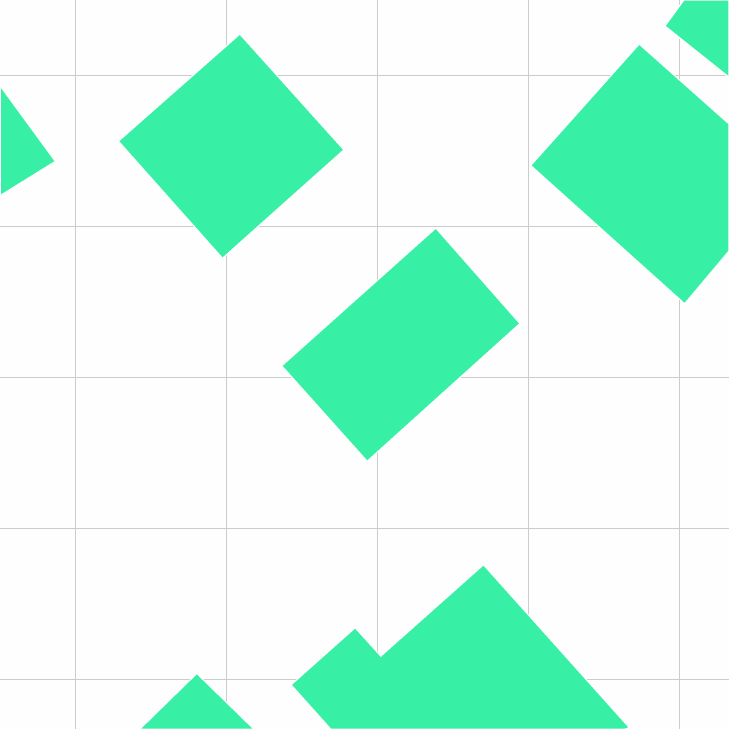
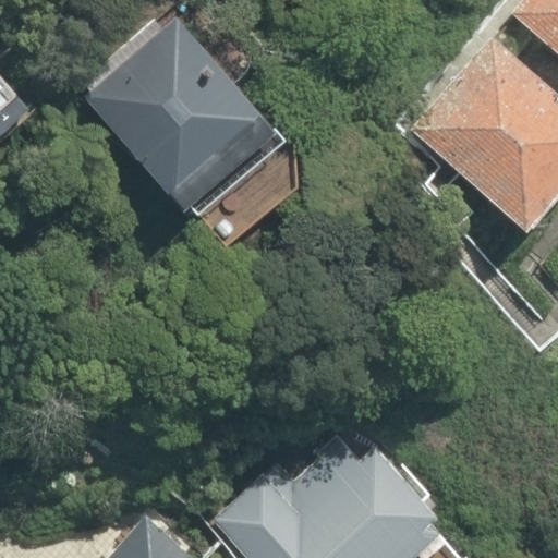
building: [282,228,520,461] -> none

